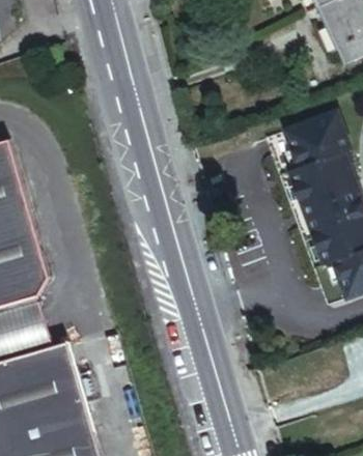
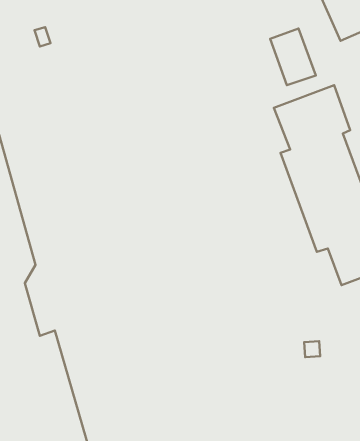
building: none -> [270,28,316,85]

